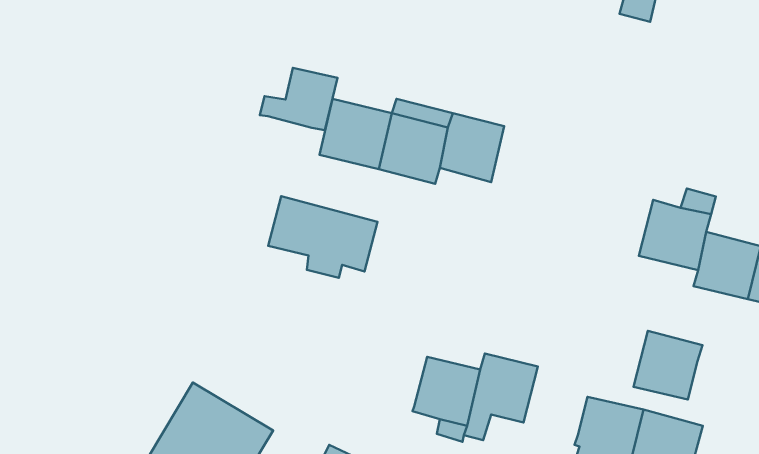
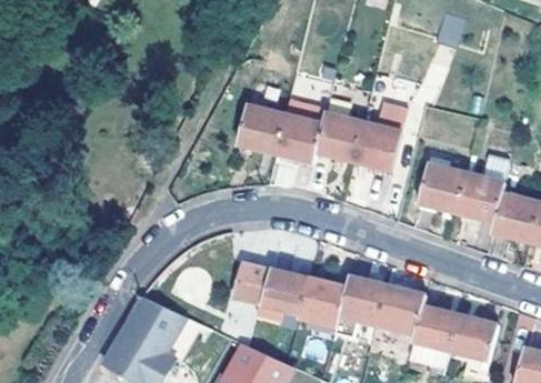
building: [260,68,338,130] -> none
building: none -> [350,97,404,165]
building: none -> [415,161,462,209]
building: [268,196,377,278] -> [230,261,305,318]
building: [633,331,702,400] -> [372,285,420,333]

